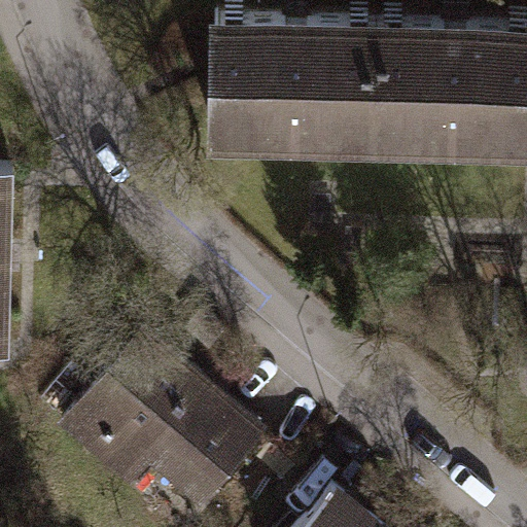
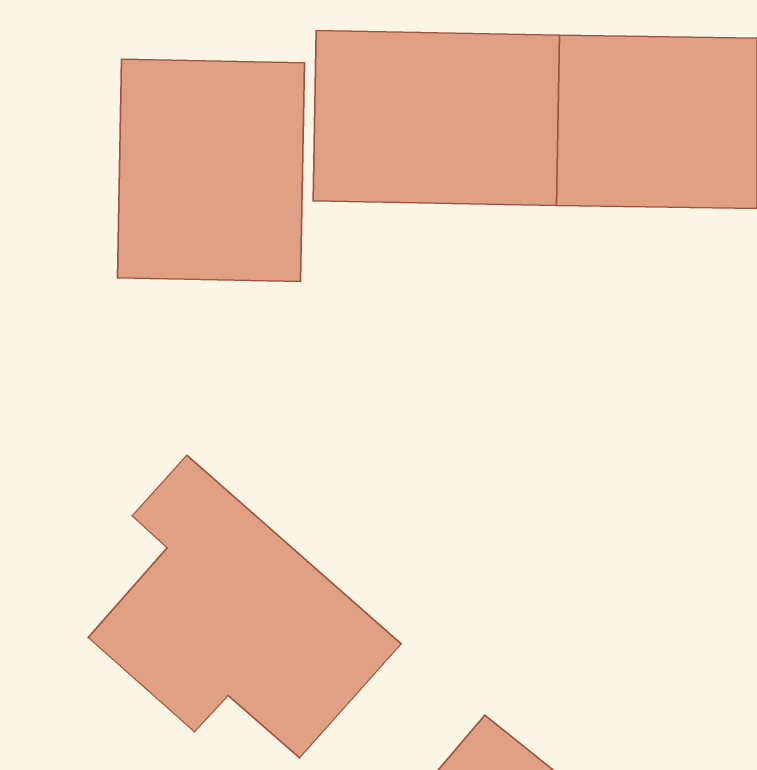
building: none -> [117,59,304,281]

